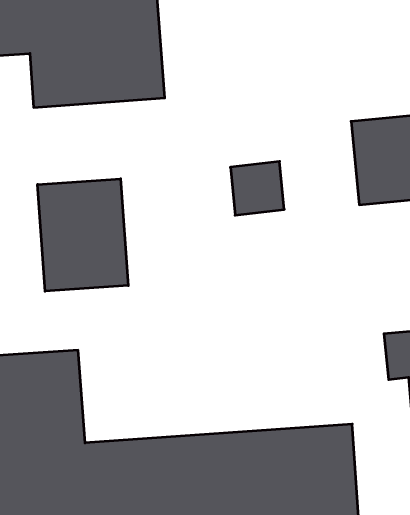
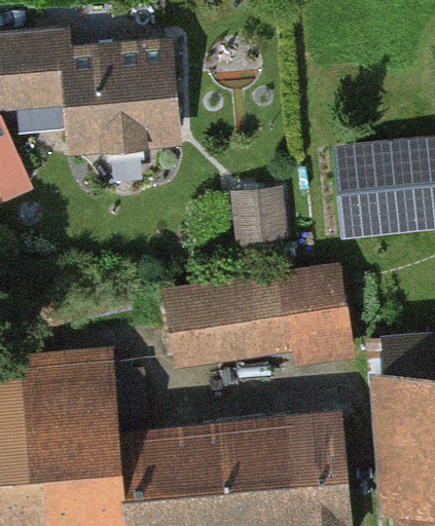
building: [38,179,128,291] -> none
building: none -> [177,276,351,360]

